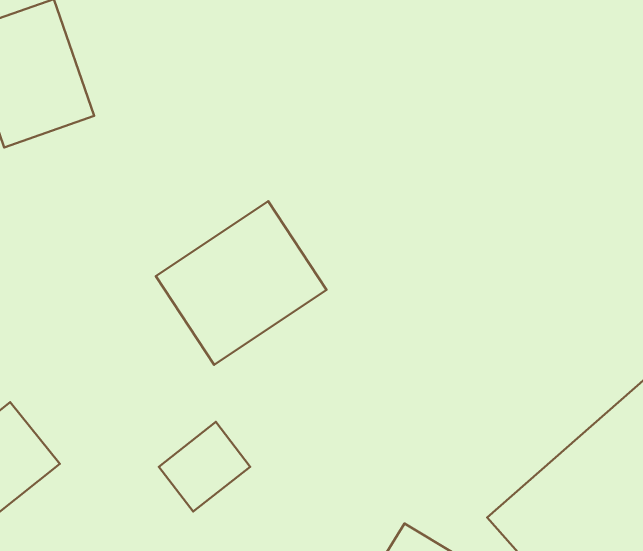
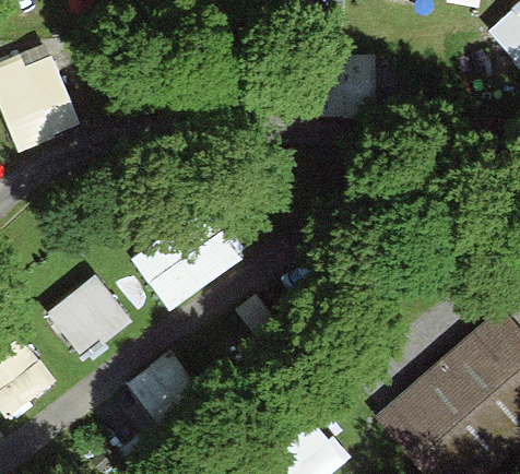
building: none -> [45,273,133,360]

